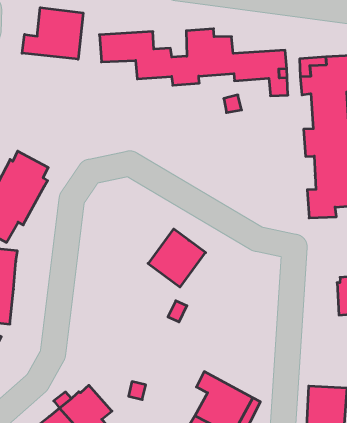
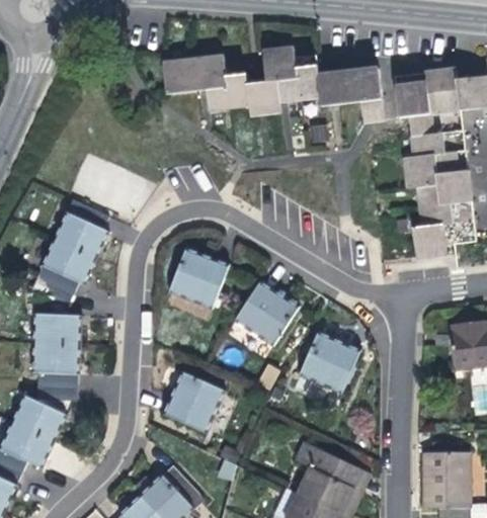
building: [22,8,83,59] -> none
building: none -> [168,249,228,309]
building: none -> [299,333,358,393]
building: none -> [162,372,224,432]

